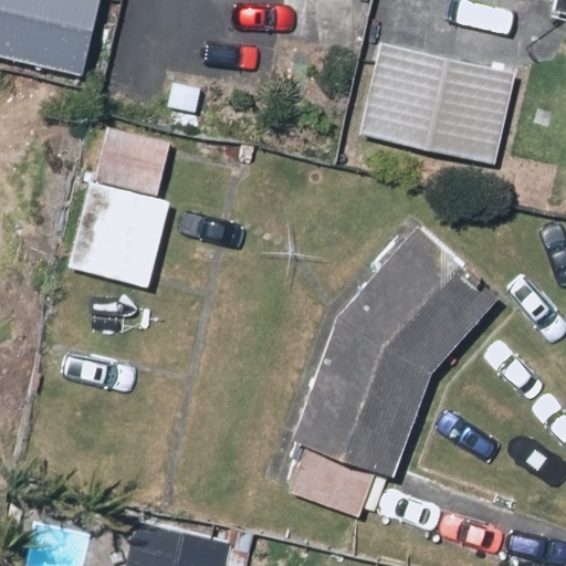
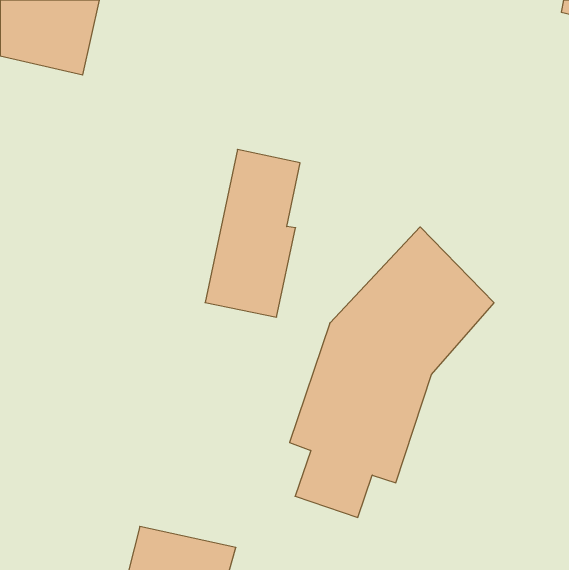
building: [359,45,512,165] -> none
building: [81,127,175,293] -> [205,149,300,317]

